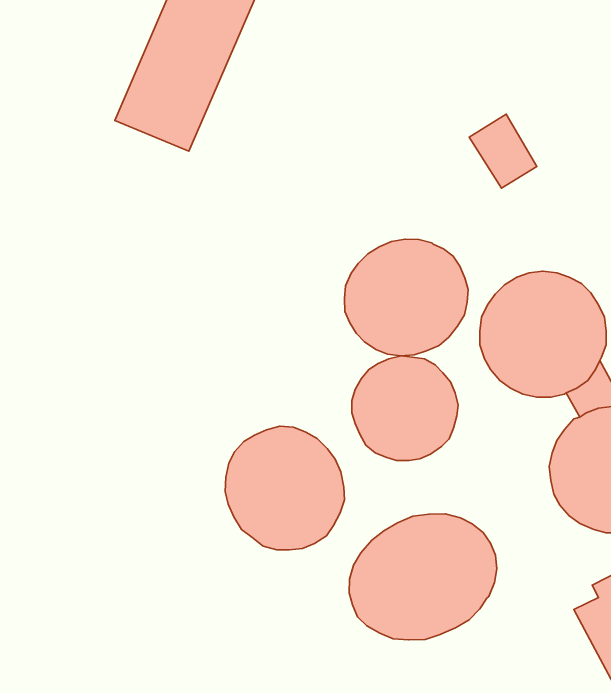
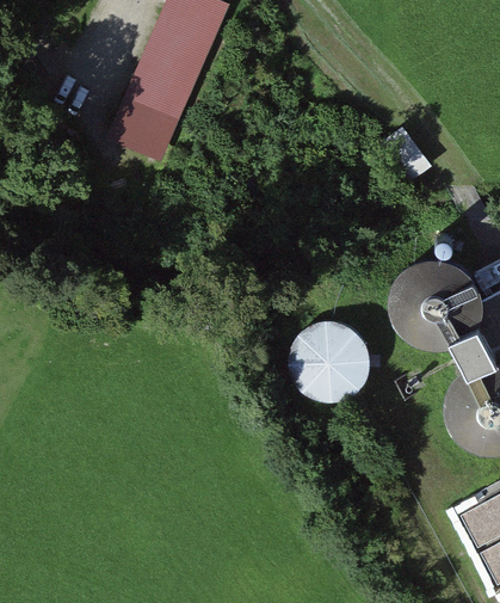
building: [344,239,468,356] -> none
building: [225,426,344,550] -> none
building: [349,514,497,640] -> none

